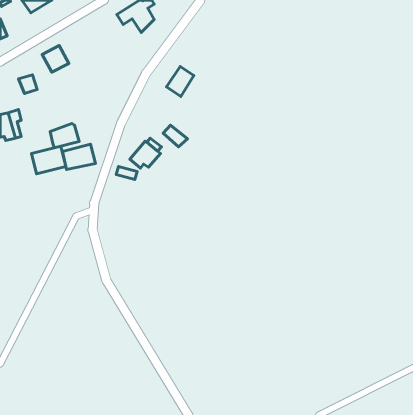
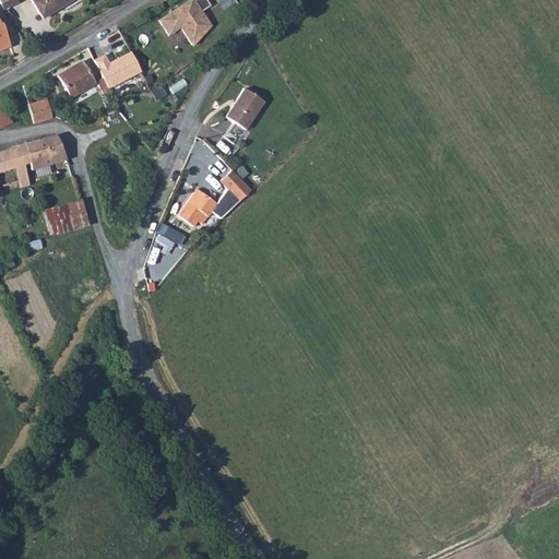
building: none -> [95,52,139,86]
building: [50,124,79,148] -> [27,136,67,169]
building: [62,144,95,170] -> none

